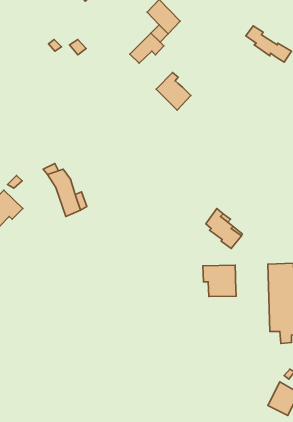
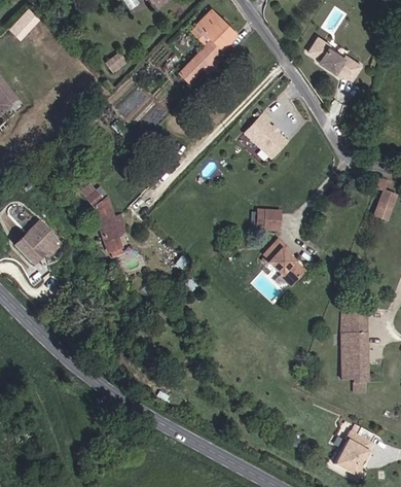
building: [156,73,191,110] -> [246,116,285,159]
building: none -> [257,208,283,231]
building: [203,265,236,297] -> none

